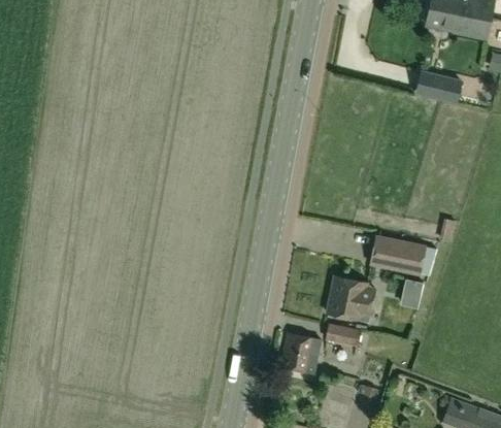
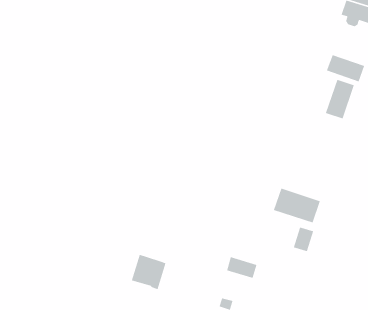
building: none -> [325,79,355,119]
building: [327,277,370,322] -> none
building: [281,334,321,374] -> [131,254,166,290]

